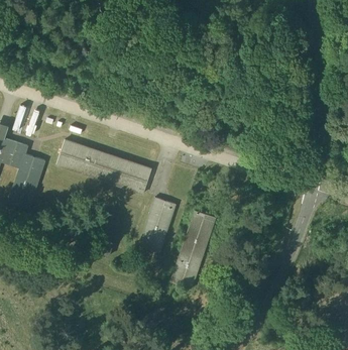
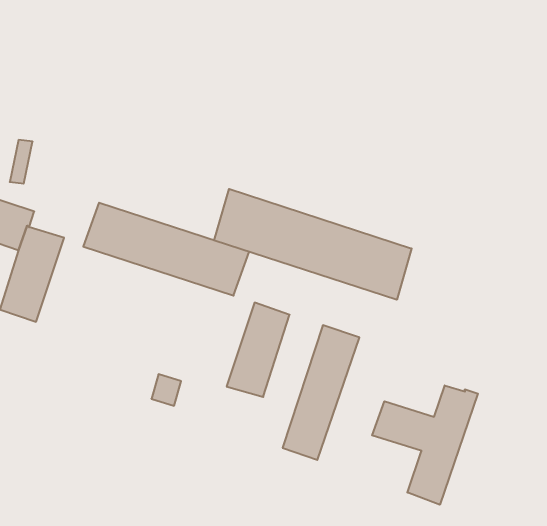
building: none -> [214,189,412,300]
building: none -> [372,385,478,505]

